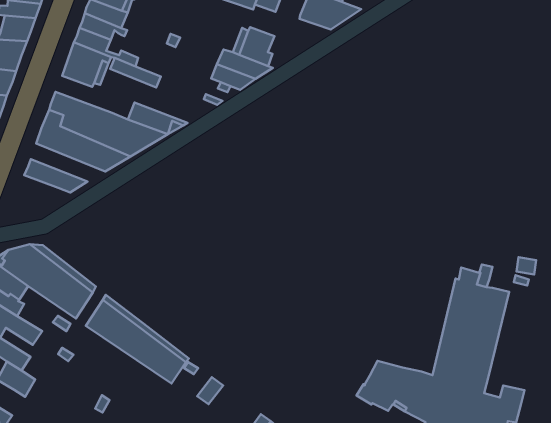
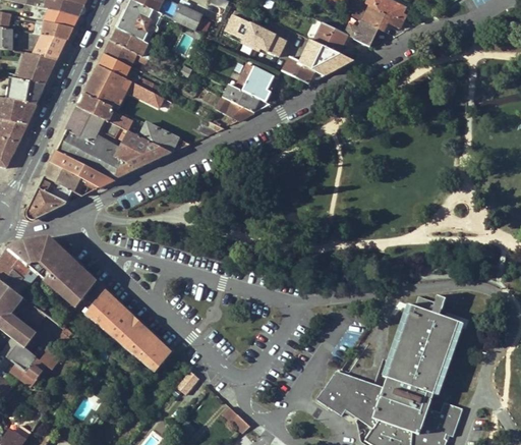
building: none -> [282,56,324,84]
building: none -> [77,93,129,129]
building: none -> [50,150,114,187]
building: none -> [25,176,71,219]
building: none -> [9,351,49,385]

